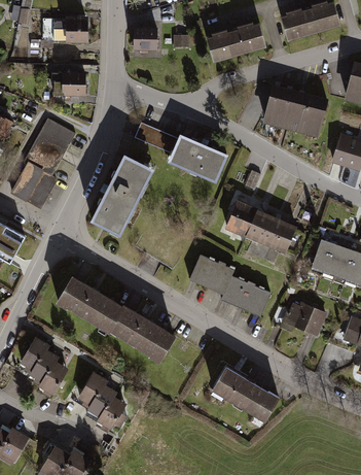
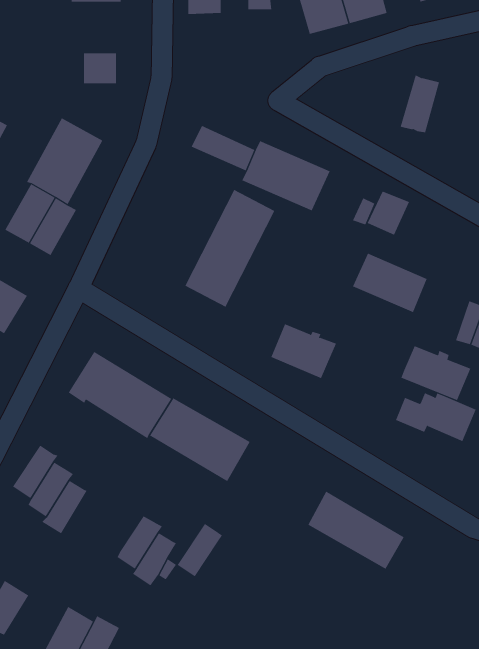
building: [259,84,286,124] -> none
building: [293,94,323,134] -> none
building: [94,154,154,233] -> [184,189,275,308]
building: [225,201,254,231] -> [367,191,410,236]
building: [221,276,268,313] -> [400,346,471,401]
building: [76,372,107,408] -> [177,523,223,577]

